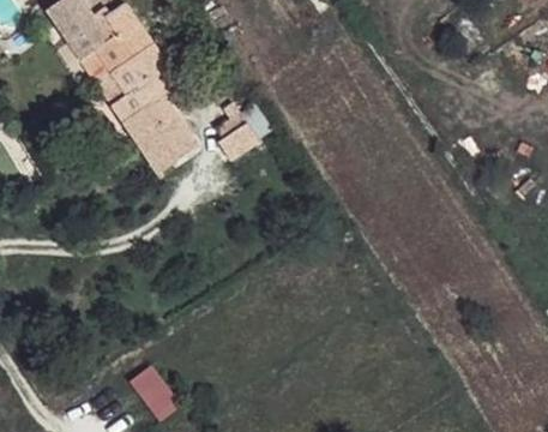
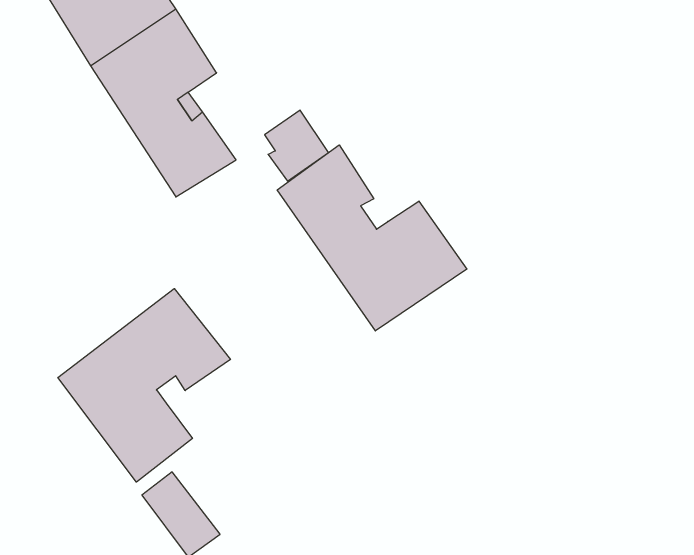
building: none -> [277,145,467,331]
building: none -> [58,289,230,482]

